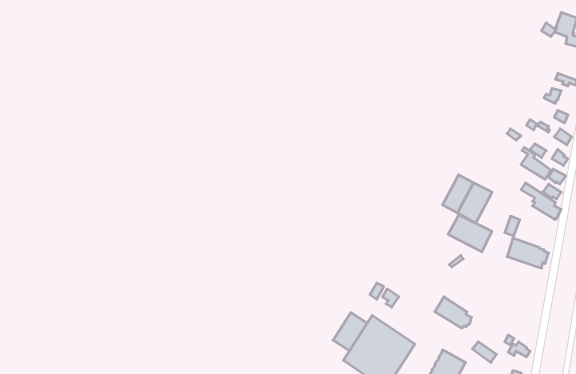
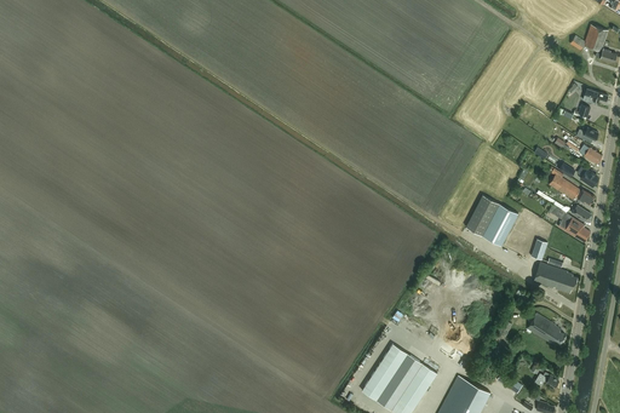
building: [448,215,492,252] -> none
building: [435,297,472,328] -> [526,312,564,345]
building: [333,313,367,351] -> none

